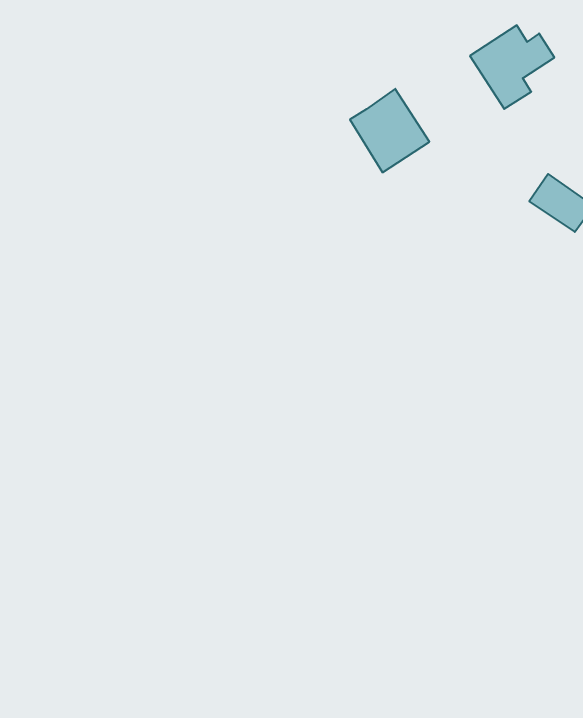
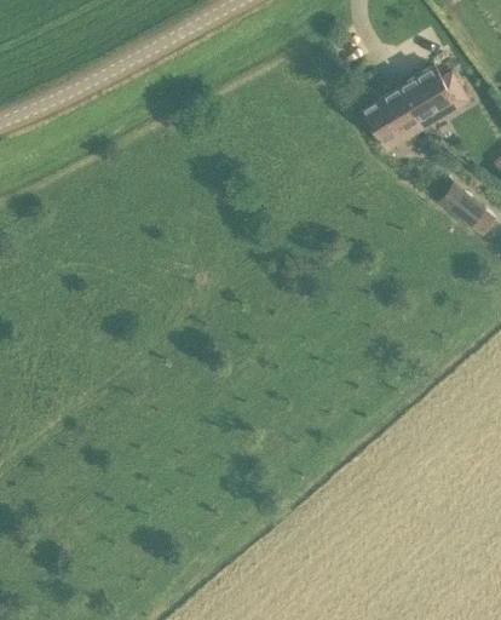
building: [350,89,429,172] -> [363,87,424,151]

